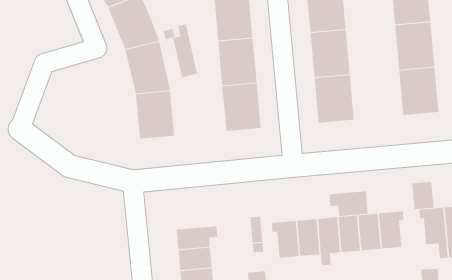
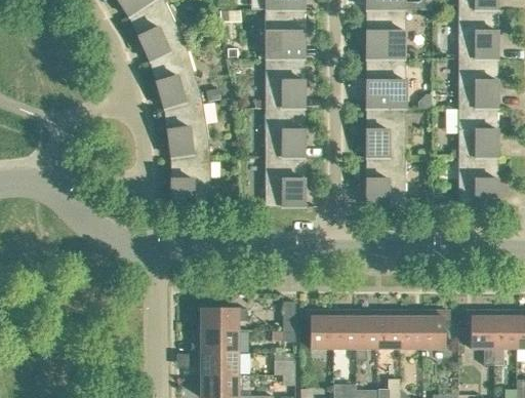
building: [173,24,198,78] -> none
building: [412,181,434,210] -> none
building: [329,190,368,217] -> none

